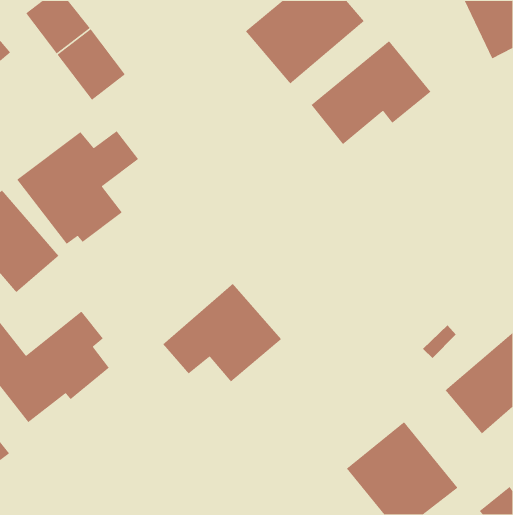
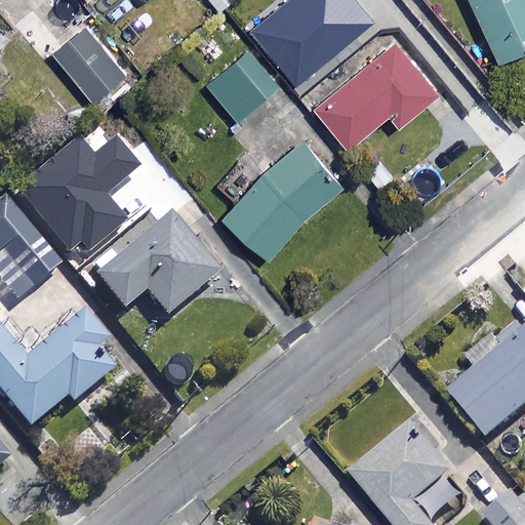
building: none -> [208,48,281,120]
building: none -> [223,138,344,257]
building: [162,283,282,383] -> [97,218,219,320]

